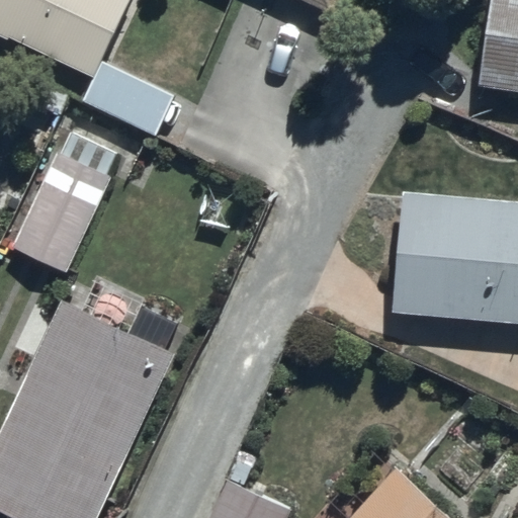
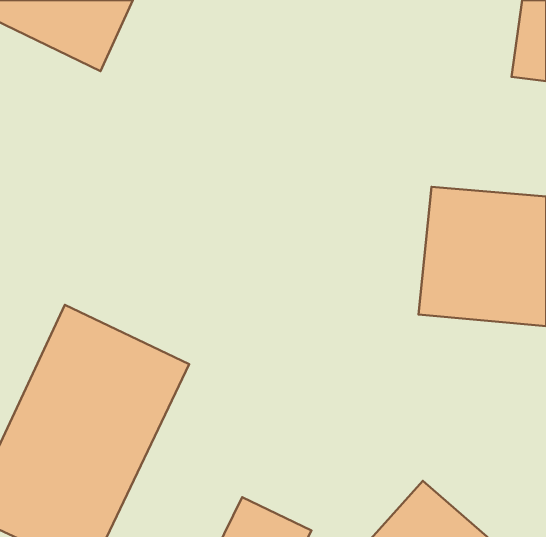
building: [11,132,122,275] -> none

